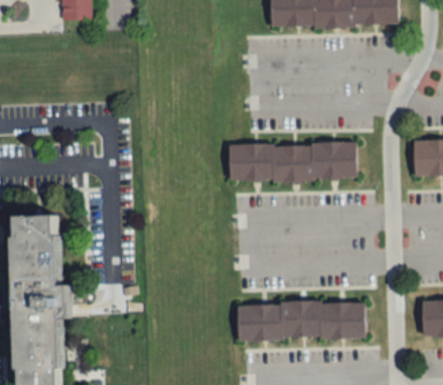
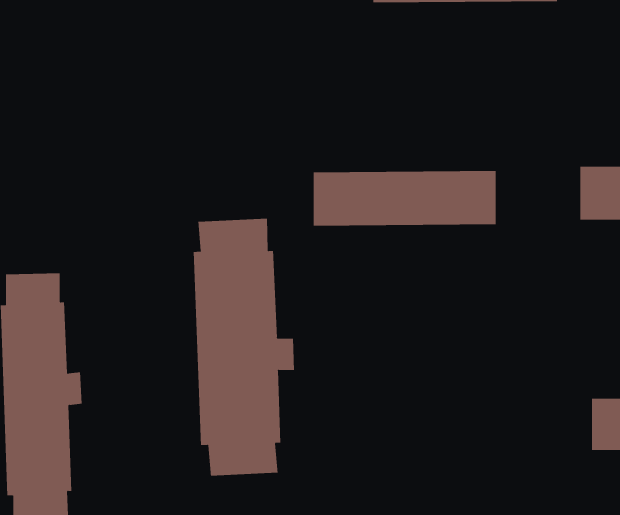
building: none -> [193,218,295,476]
building: [238,302,365,339] -> none

